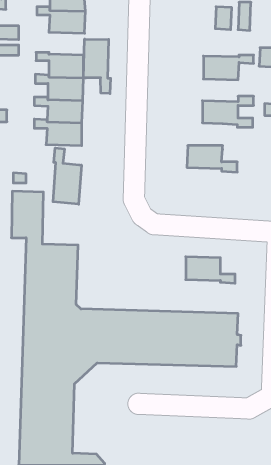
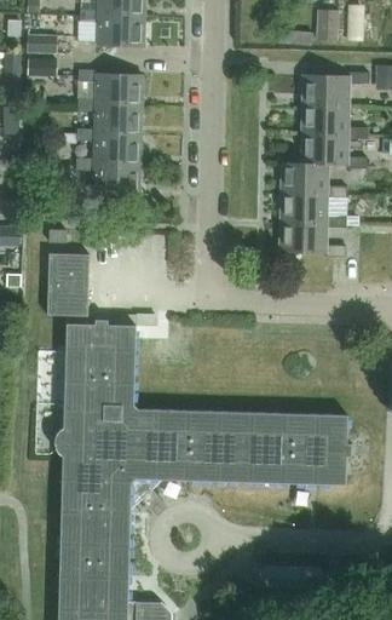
building: [84,39,111,94] -> none
building: none -> [300,105,347,136]
building: none -> [281,163,346,199]
building: [53,148,81,204] -> none
building: [186,257,235,283] -> [279,223,345,258]

